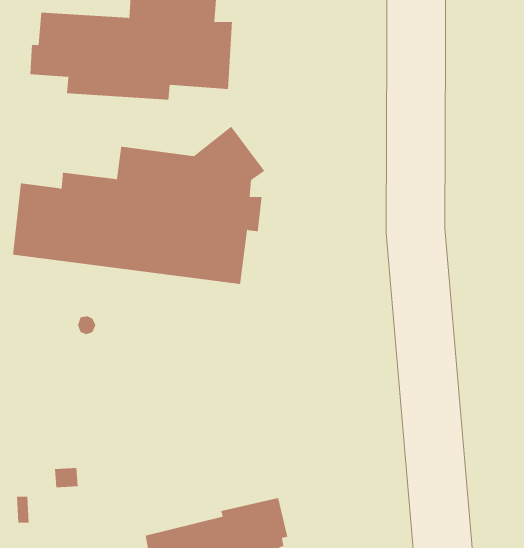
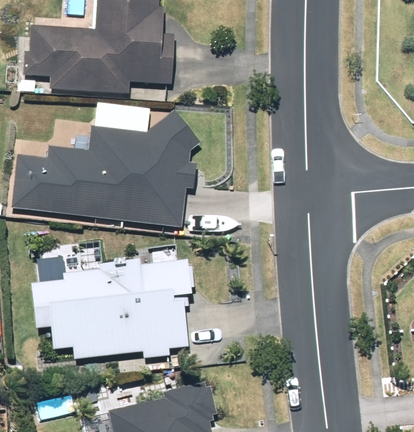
building: none -> [31,260,192,358]

